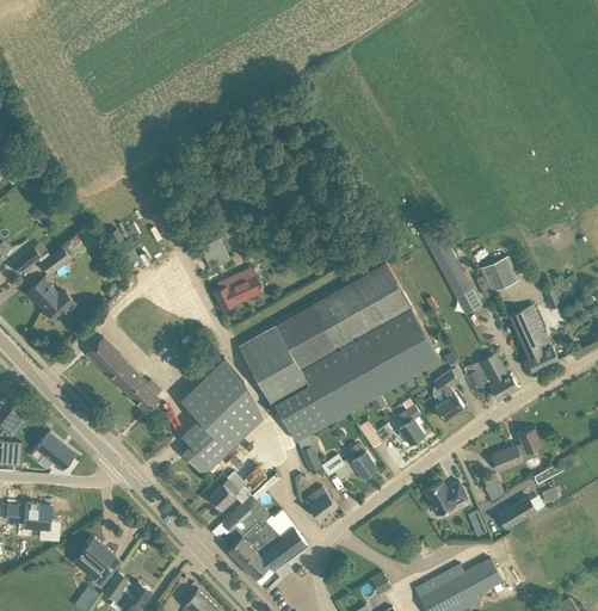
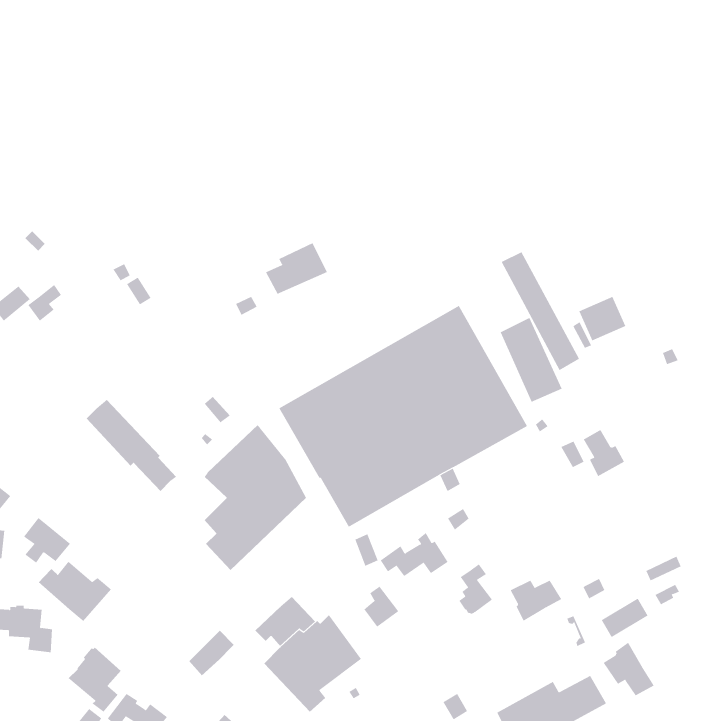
building: [212,269,263,310] -> [265,242,328,295]
building: [27,278,76,323] -> none
building: [507,304,557,372] -> [500,317,563,402]
building: [432,369,463,420] -> none
building: [396,406,424,446] -> [458,564,493,614]
building: [491,430,541,471] -> none
building: none -> [38,561,112,622]
building: [209,473,246,510] -> [188,630,235,676]
building: none -> [603,642,654,696]

